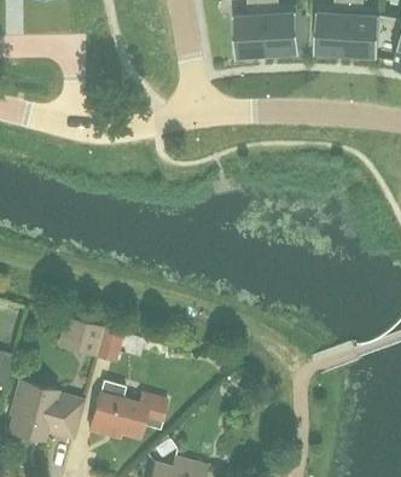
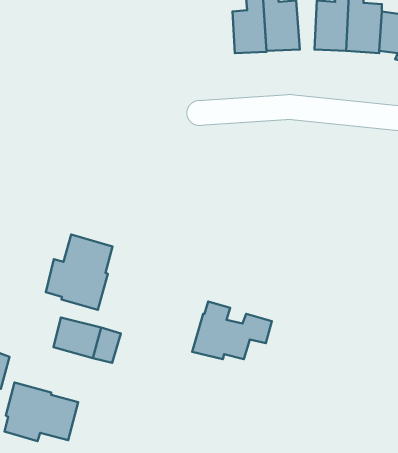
building: none -> [46,234,113,310]
building: [87,382,165,438] -> [192,302,272,359]

